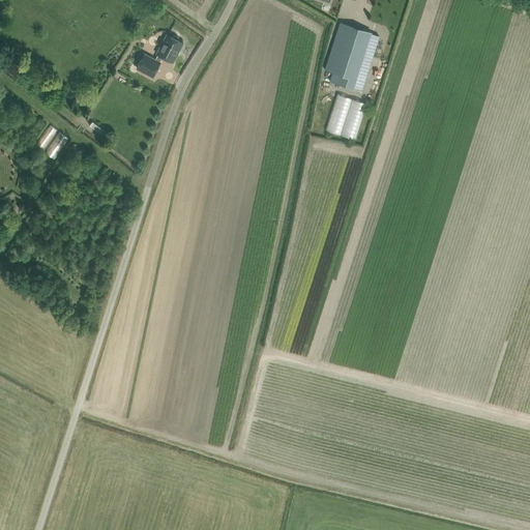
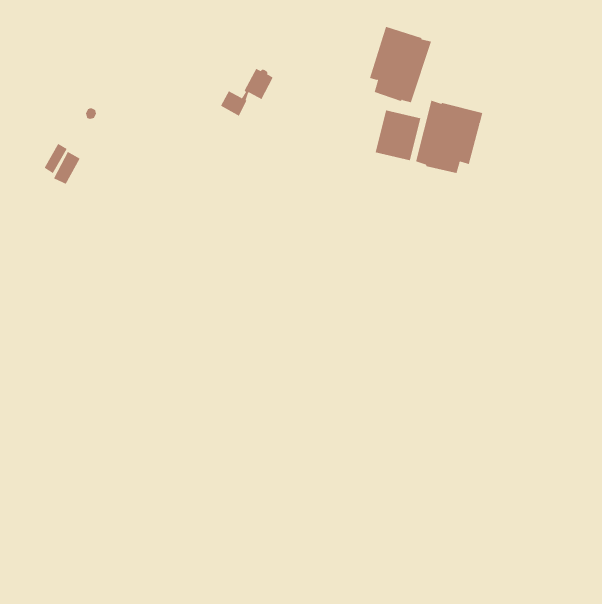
building: [135,34,181,77] -> [220,68,274,117]
building: none -> [415,100,483,174]

